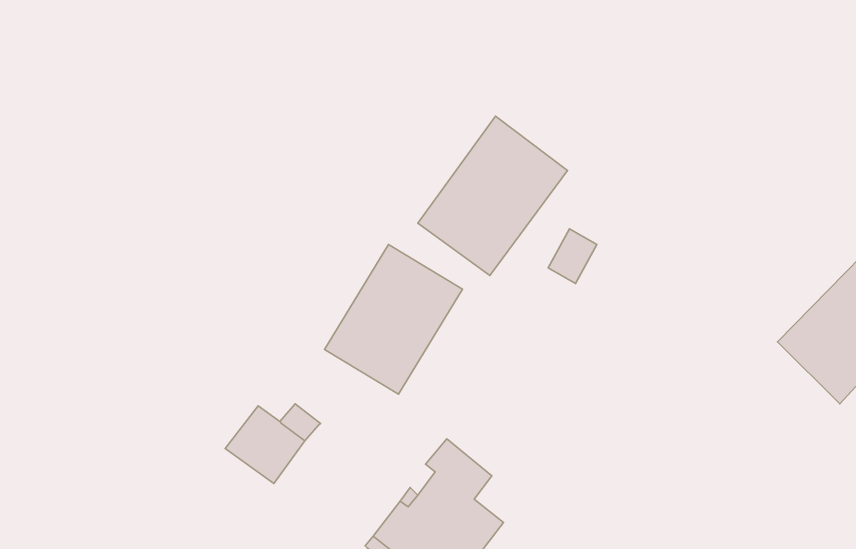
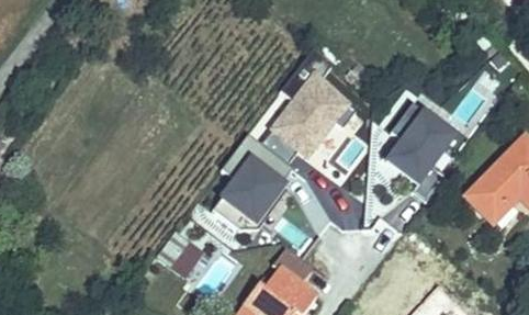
building: none -> [378,103,458,187]

